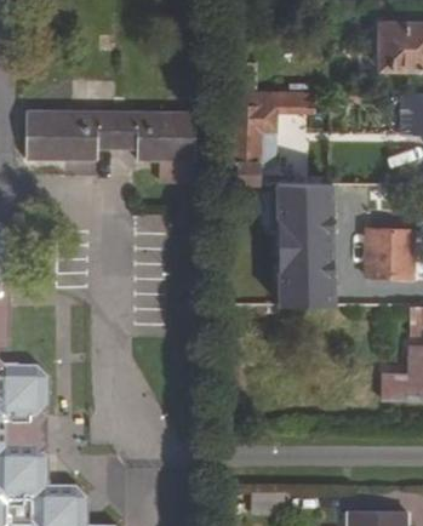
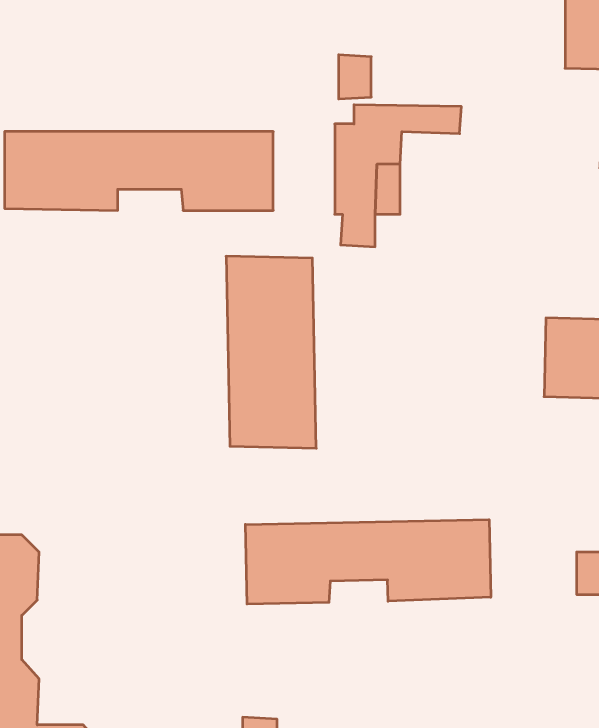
building: [276,183,333,304] -> [226,256,316,448]
building: none -> [245,520,491,604]

